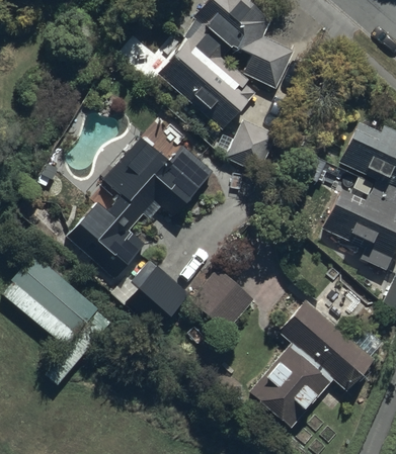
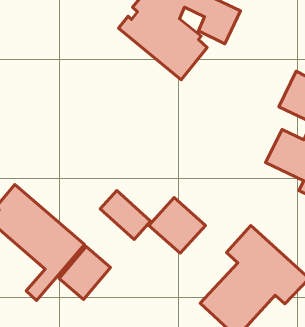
building: [227,117,276,169] -> none
building: [68,133,213,278] -> none
building: none -> [59,247,110,299]

